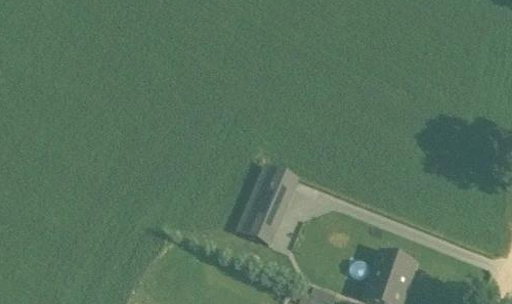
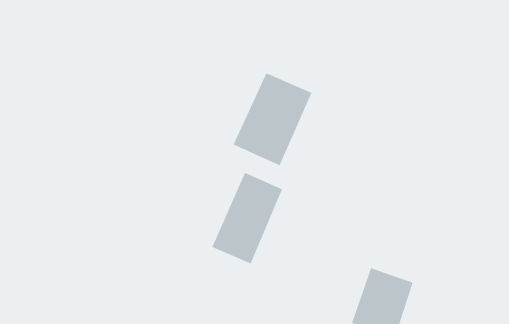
building: none -> [233,72,312,166]

